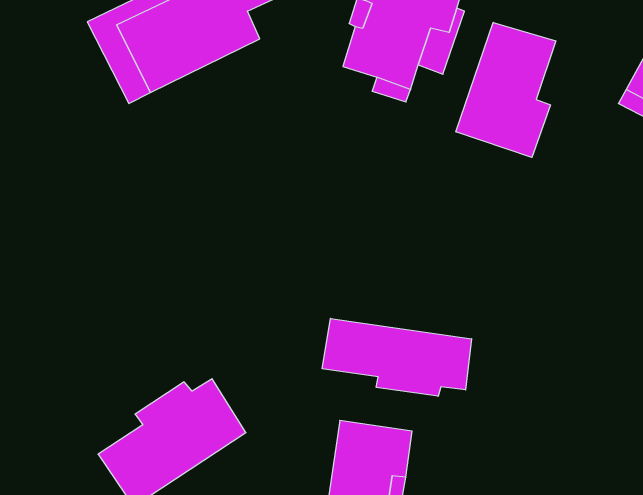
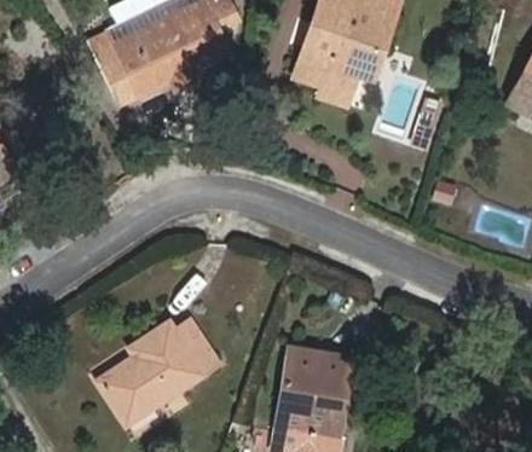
building: [456,22,556,157] -> none
building: [322,318,472,396] -> none

